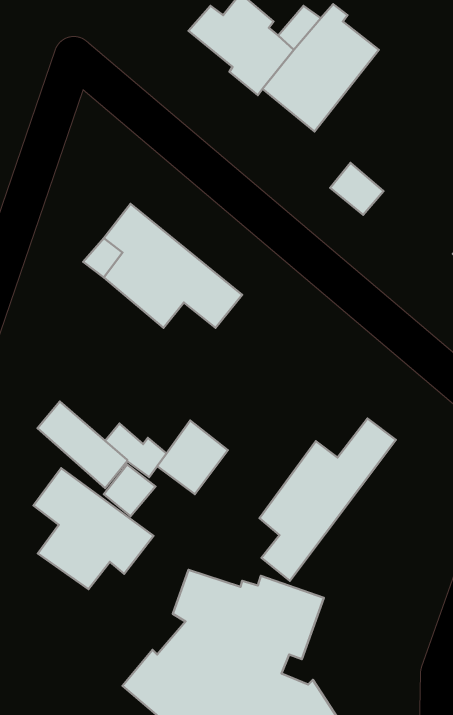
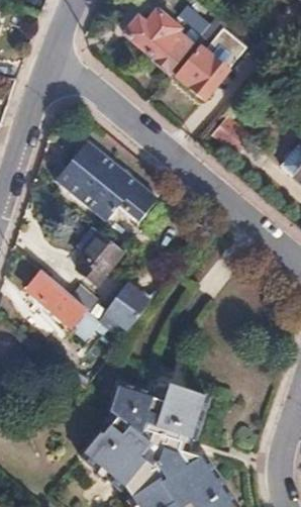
building: none -> [77,230,121,284]
building: [259,418,396,581] -> none
building: [33,468,153,589] -> none

